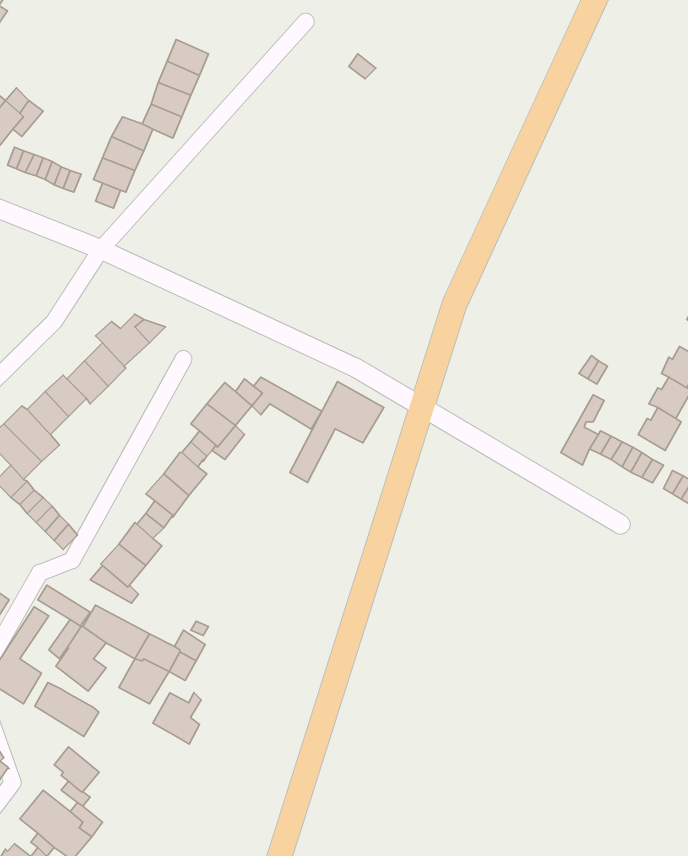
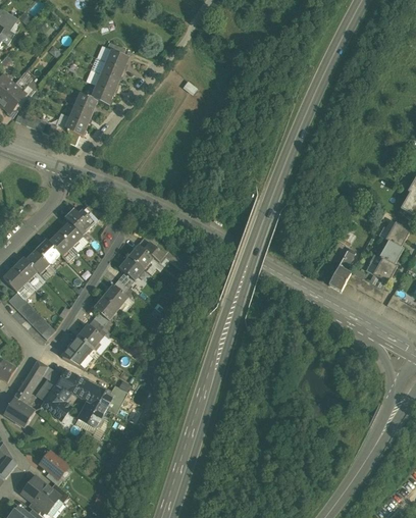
building: [290,381,384,482] -> none
building: [35,682,99,736] -> none
building: [153,692,201,744] -> none

